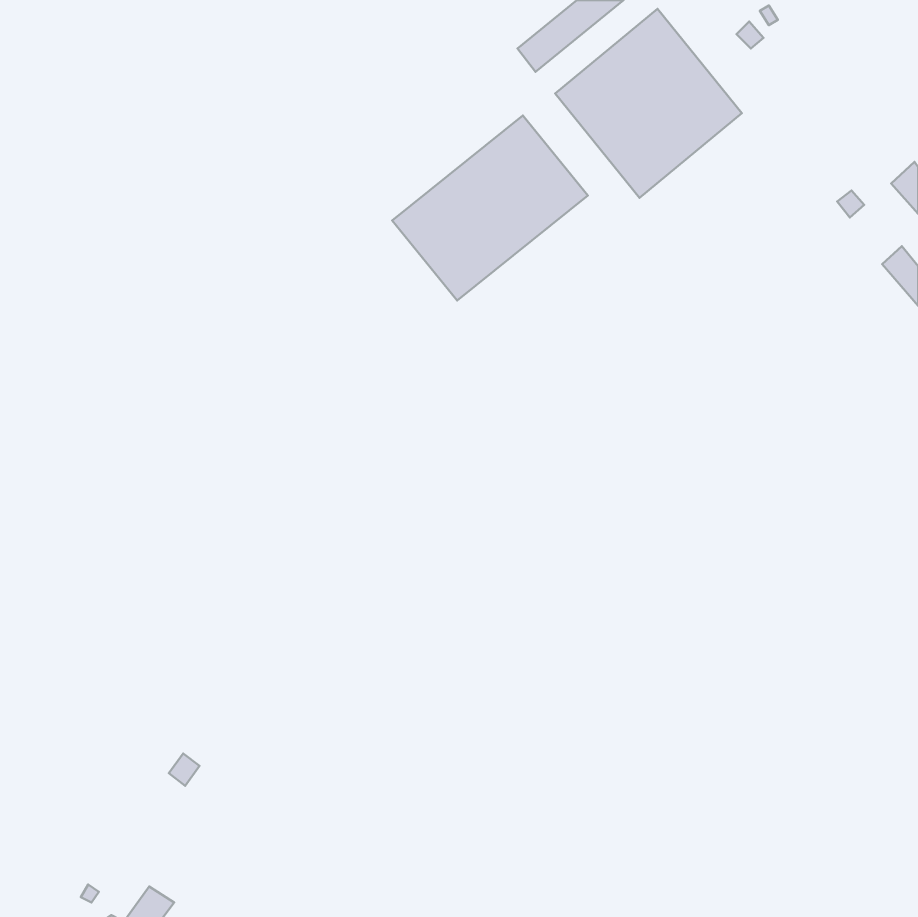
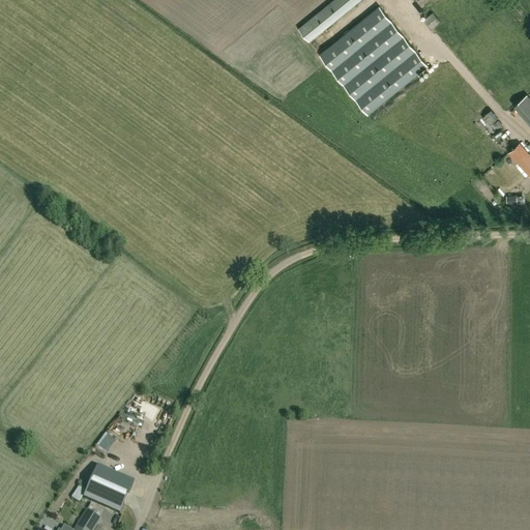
building: [392,116,588,301] -> none
building: none -> [84,469,132,514]

